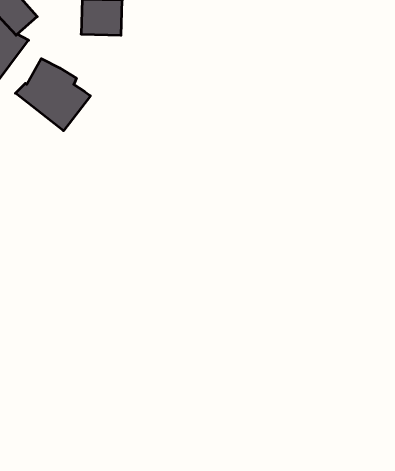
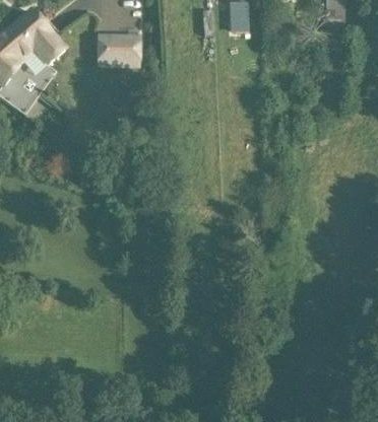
building: [15,59,90,131] -> none

